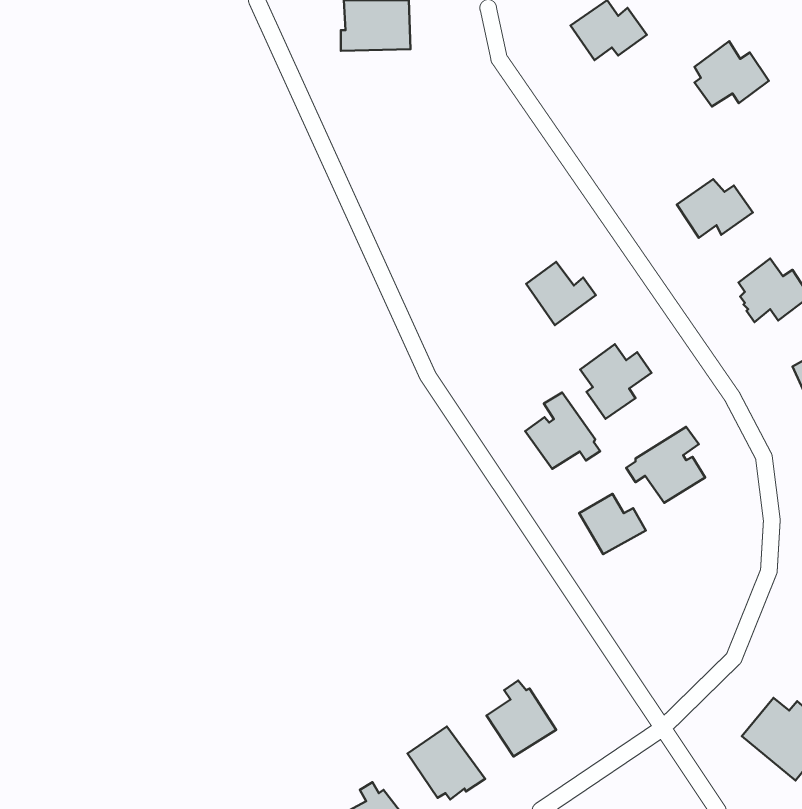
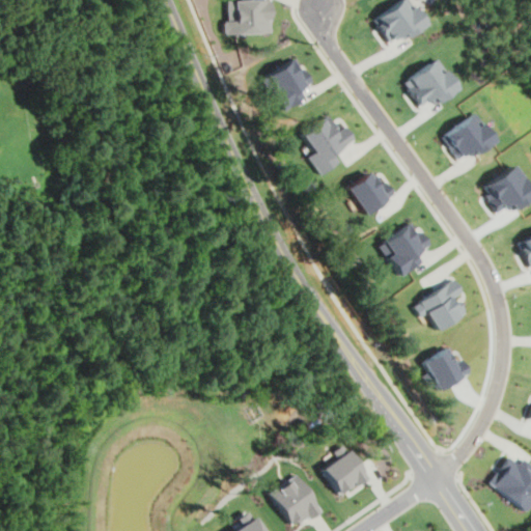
building: [694,41,769,106] -> [411,62,459,105]
building: none -> [270,61,313,110]
building: none -> [303,116,356,174]
building: [525,392,600,469] -> none
building: [579,494,646,554] -> [426,348,470,388]

